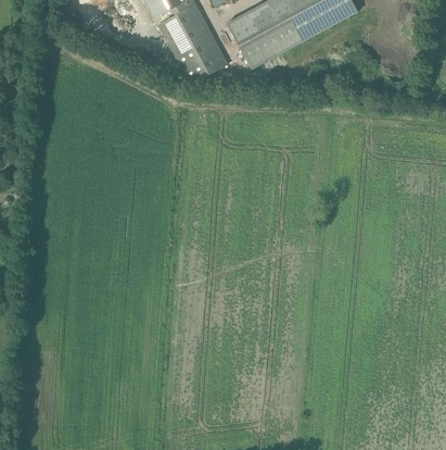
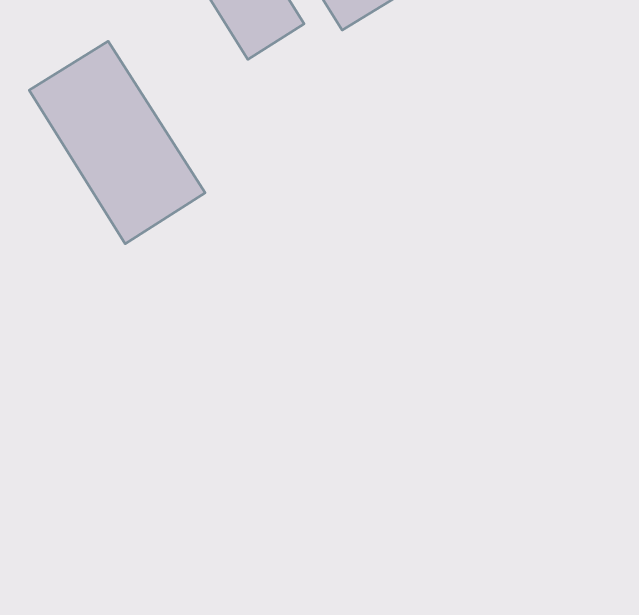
building: none -> [29,41,205,244]

